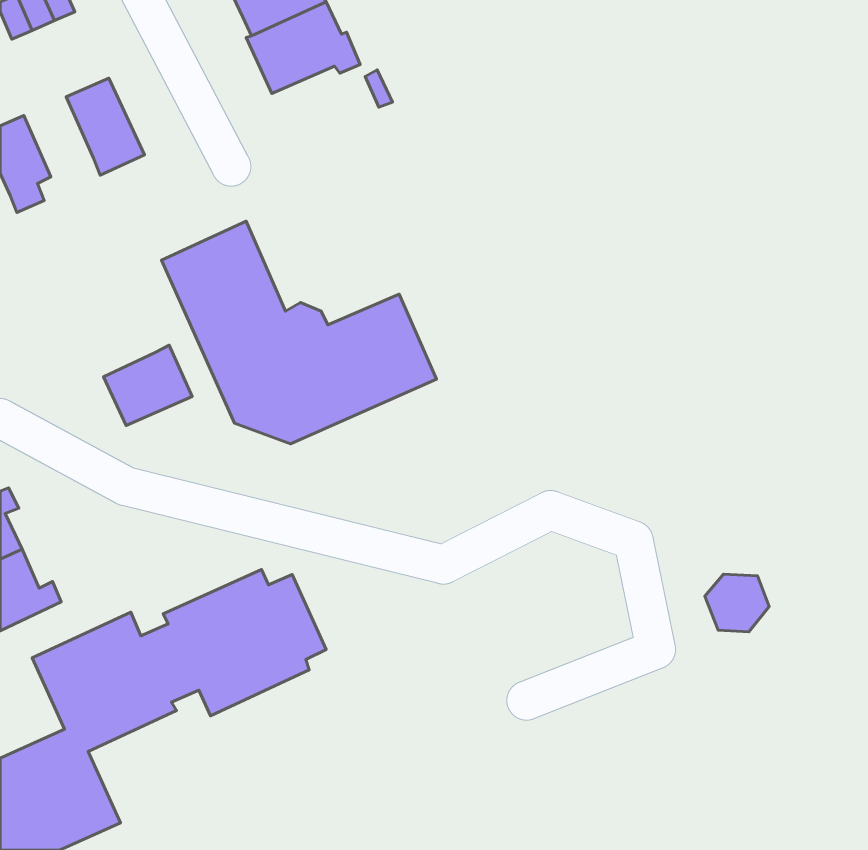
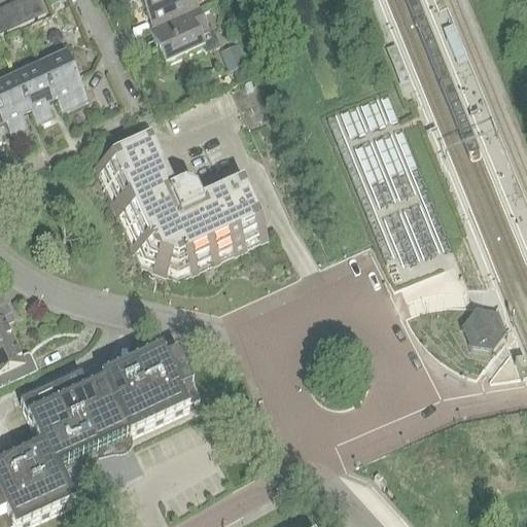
building: none -> [14,59,57,117]
building: [104,345,192,426] -> none
building: [705,574,769,632] -> [463,307,502,342]

